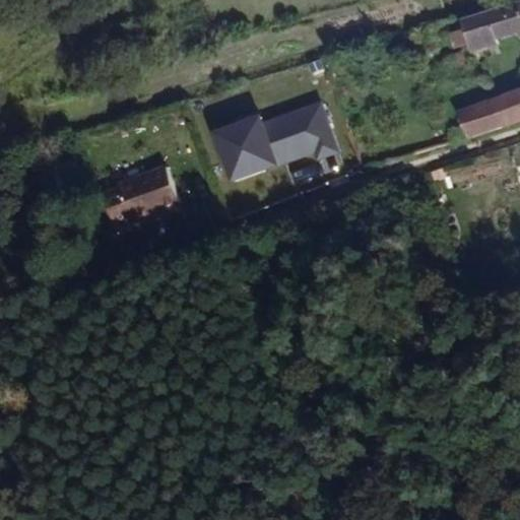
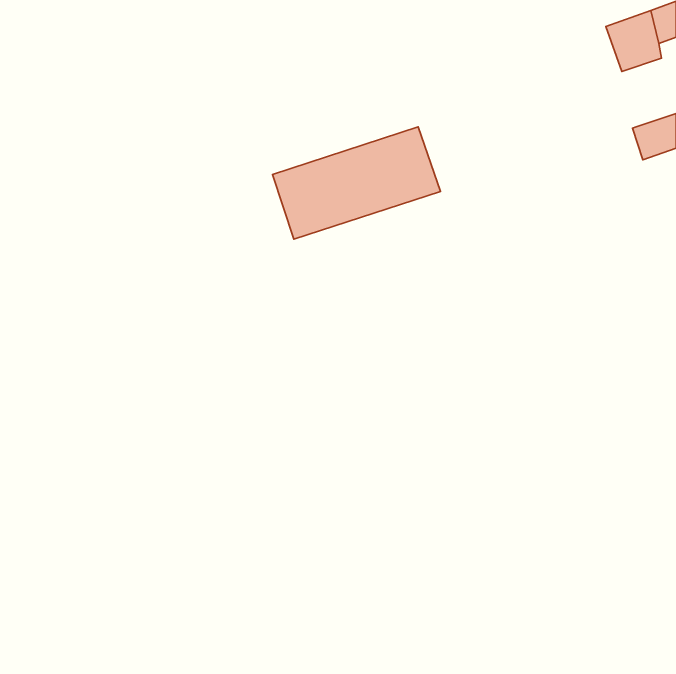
building: [454,100,494,134] -> none
building: [98,167,182,233] -> none

